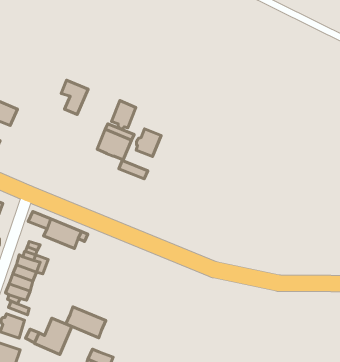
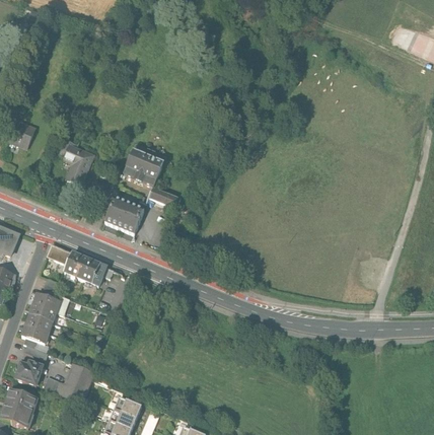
building: [61,80,88,114] -> [63,143,93,182]
building: [111,100,136,129] -> none
building: [136,129,161,156] -> none
building: none -> [104,196,144,231]
building: [66,307,106,338] -> none

